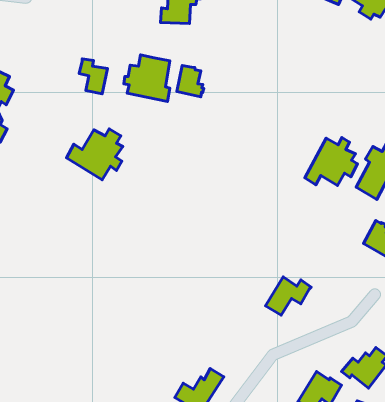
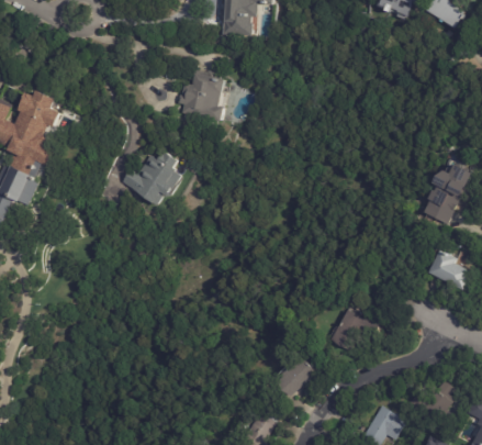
building: [79,59,107,94] -> none
building: [177,65,204,97] -> none
building: [305,137,358,185] -> none
building: none -> [277,357,318,397]

